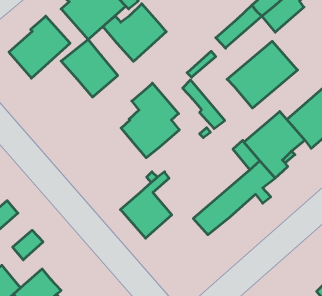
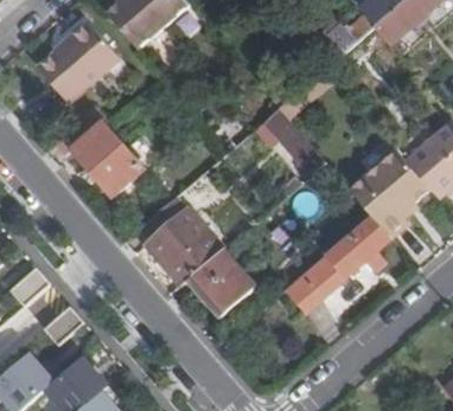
building: [103,4,166,61] -> none
building: [61,39,118,97] -> [63,105,138,181]
building: [227,41,298,108] -> none
building: [121,83,179,158] -> [135,194,212,293]

